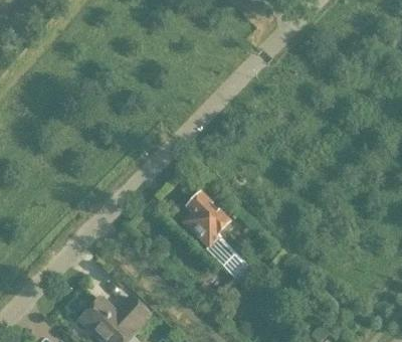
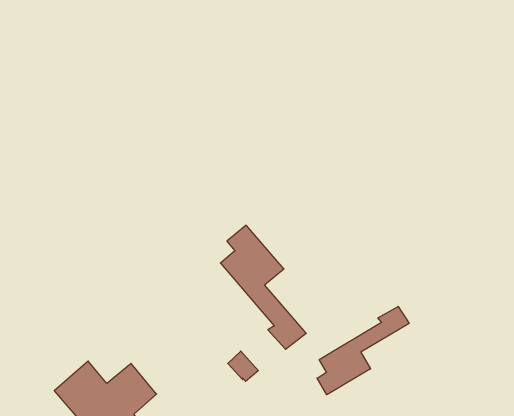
building: none -> [317,306,409,395]

